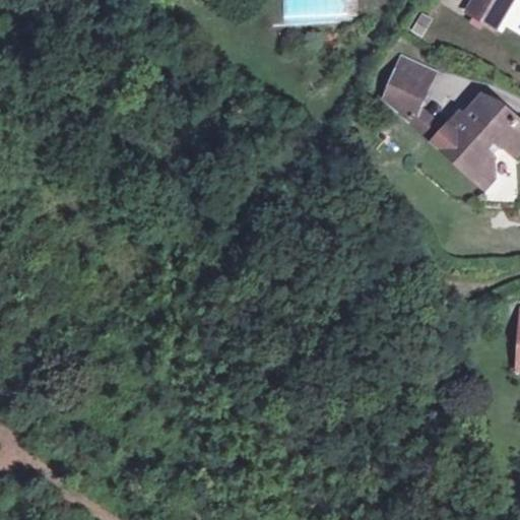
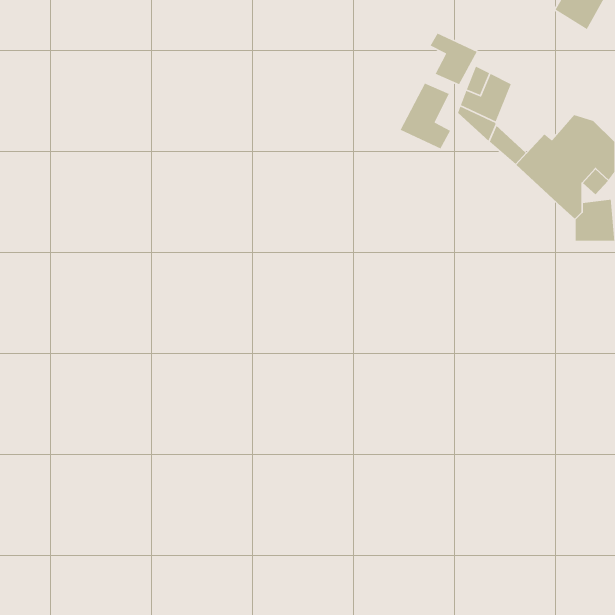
building: none -> [430,32,478,85]
building: none -> [400,83,451,150]

